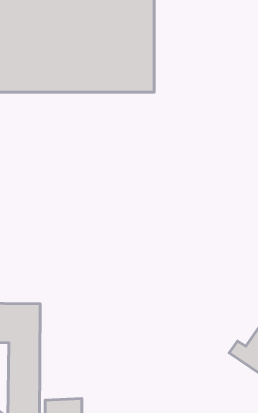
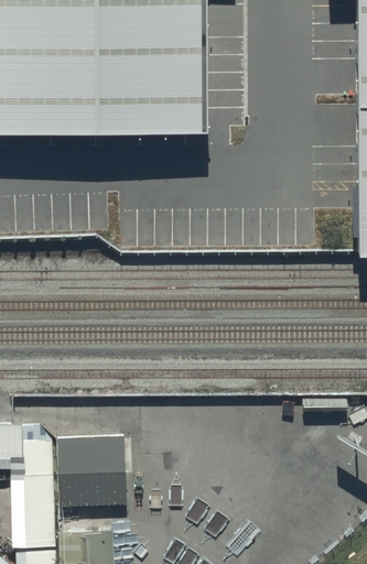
building: none -> [62,441,127,512]

